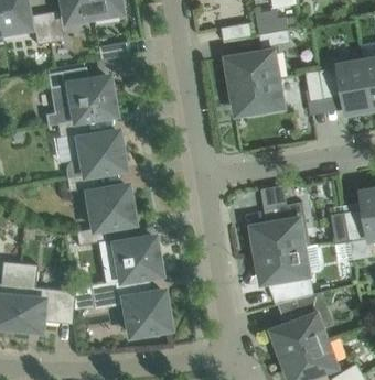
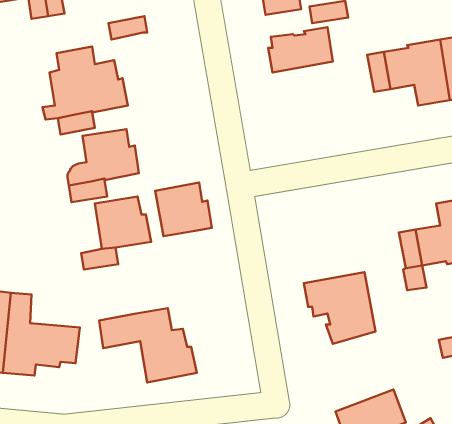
building: [229,78,283,113] -> none
building: [251,202,306,256] -> none
building: [114,237,159,280] -> [155,183,212,236]
building: [274,292,334,358] -> none

